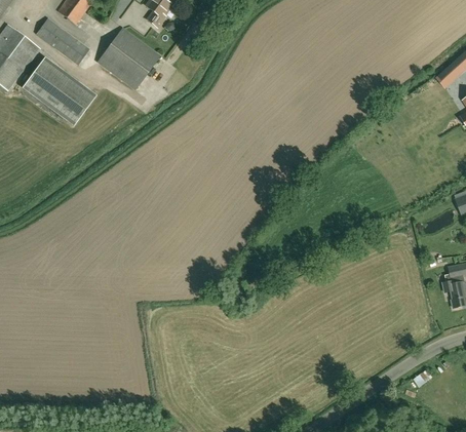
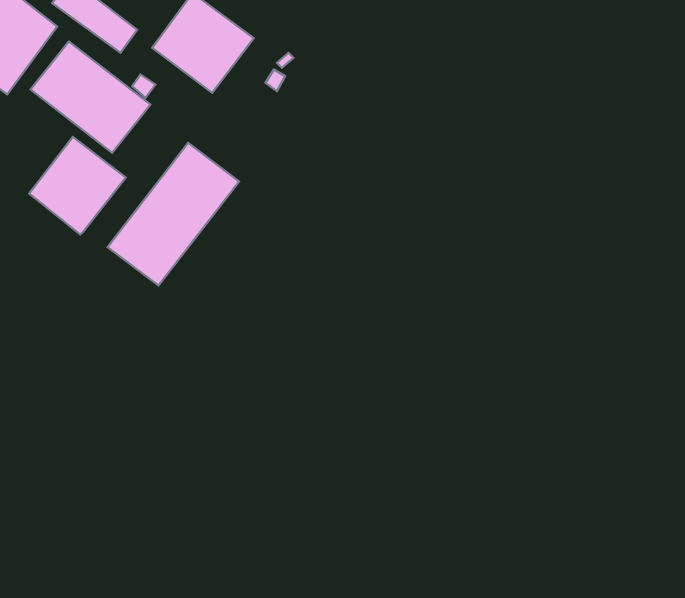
building: none -> [29,137,126,234]
building: none -> [108,143,239,286]

